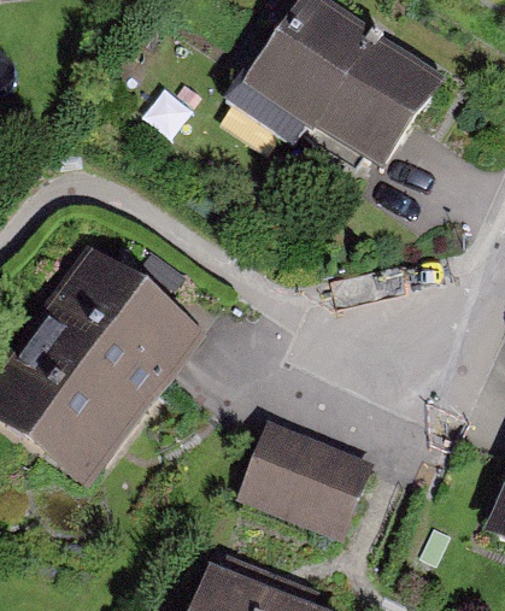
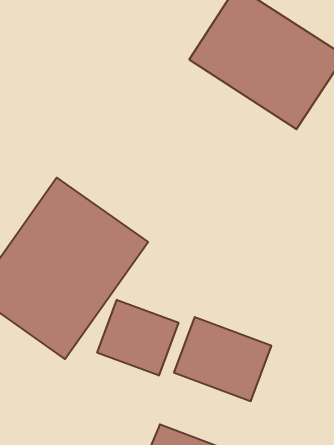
building: none -> [97,300,178,376]

